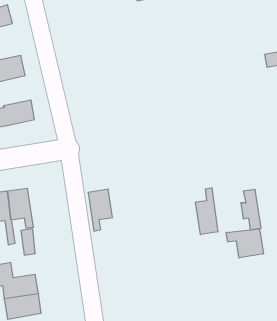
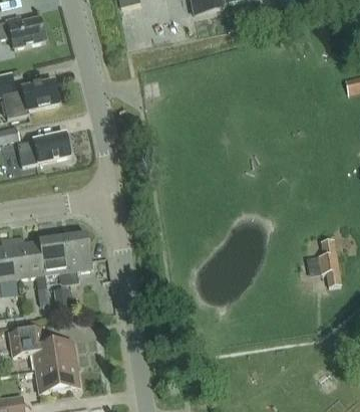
building: [196,188,218,235] -> none
building: [88,189,112,231] -> [62,233,91,283]
building: [226,229,263,258] -> none

